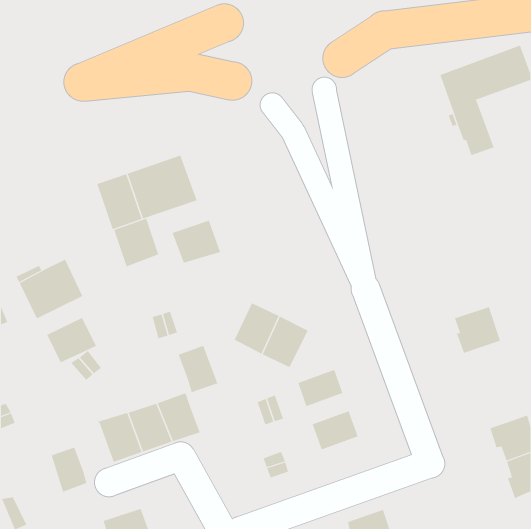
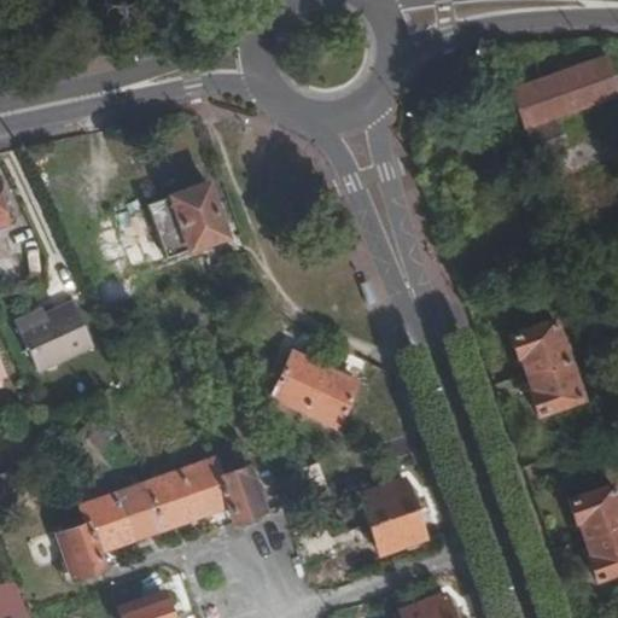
building: [114,218,159,268] -> none
building: [172,220,221,264] -> none
building: none -> [509,319,569,372]
building: [46,317,97,363] -> none
building: [178,345,218,393] -> [222,465,269,520]
building: [298,369,343,407] -> [373,509,426,553]
building: none -> [81,492,132,550]

